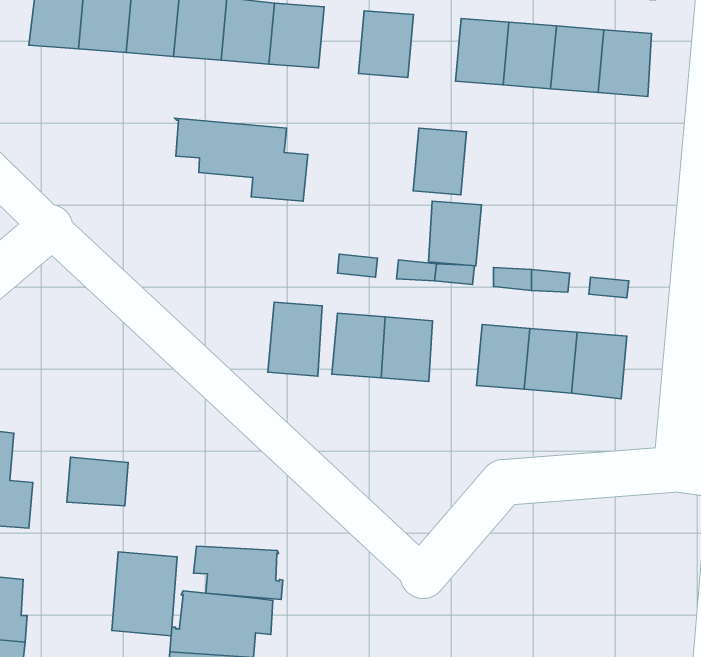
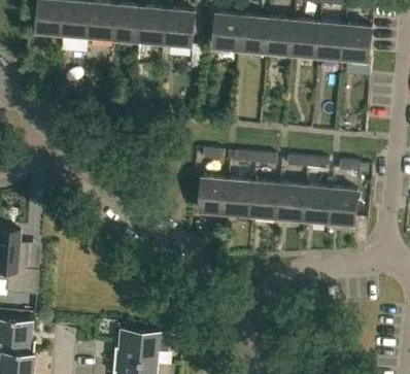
building: [175,118,308,201] -> none
building: [413,128,467,195] -> [240,16,269,53]
building: [428,201,482,266] -> [251,182,280,217]
building: [268,302,322,376] -> none
building: [67,457,128,506] -> none
building: [194,546,283,600] -> none
building: [112,552,177,636] -> none

